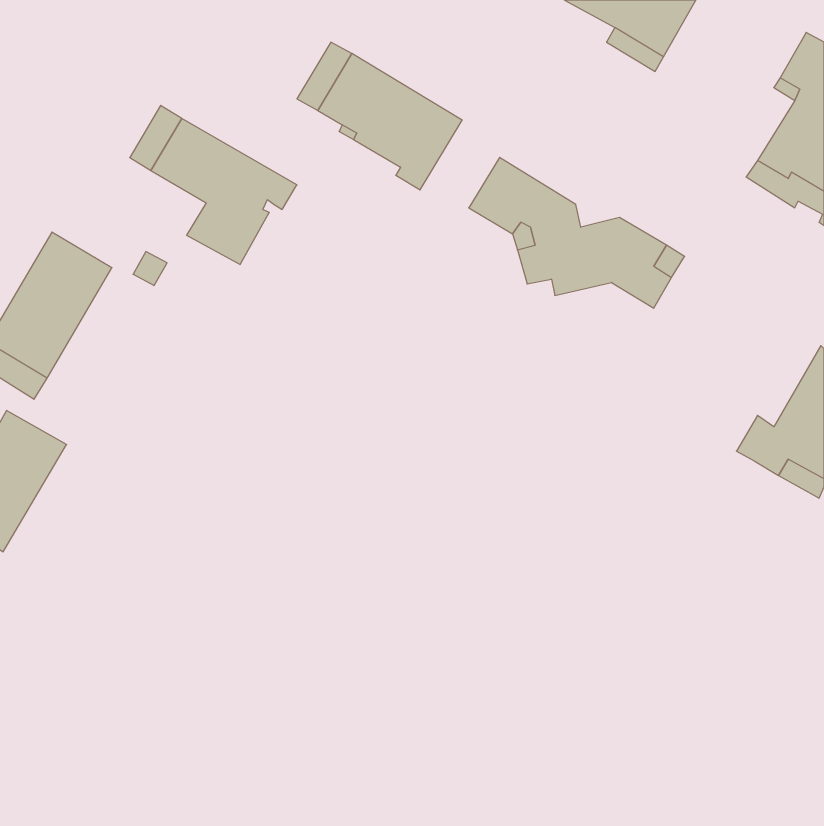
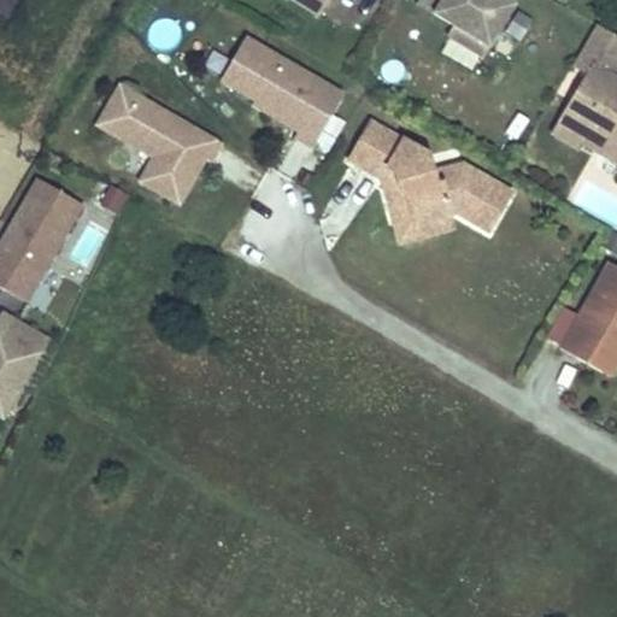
building: none -> [392,210,458,241]

